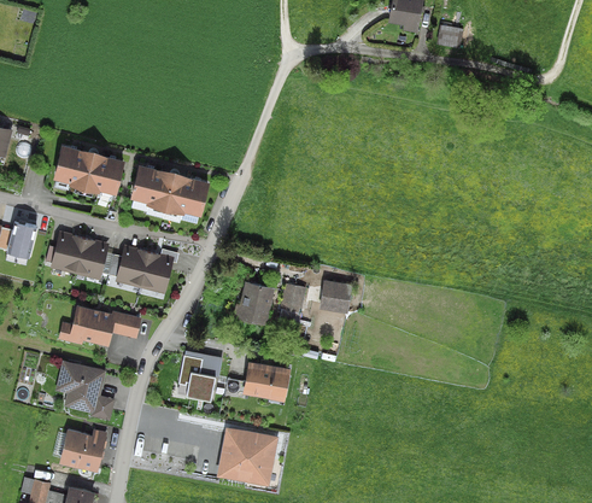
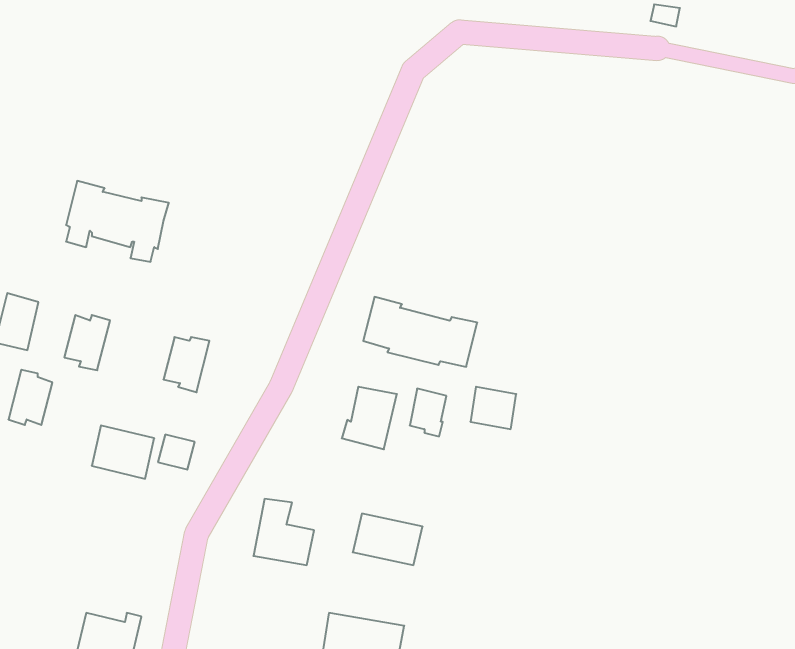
building: [133,166,207,212] -> [363,297,477,367]
building: [76,239,105,275] -> [8,370,52,425]
building: [141,252,170,288] -> none
building: [60,363,113,417] -> none

